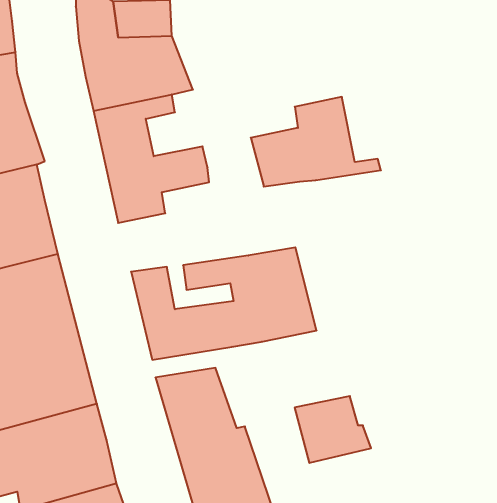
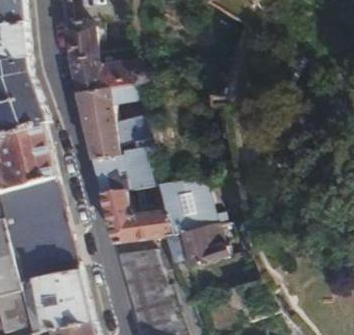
building: [251,97,381,187] -> [92,136,172,191]
building: [295,396,371,463] -> [180,227,227,268]

